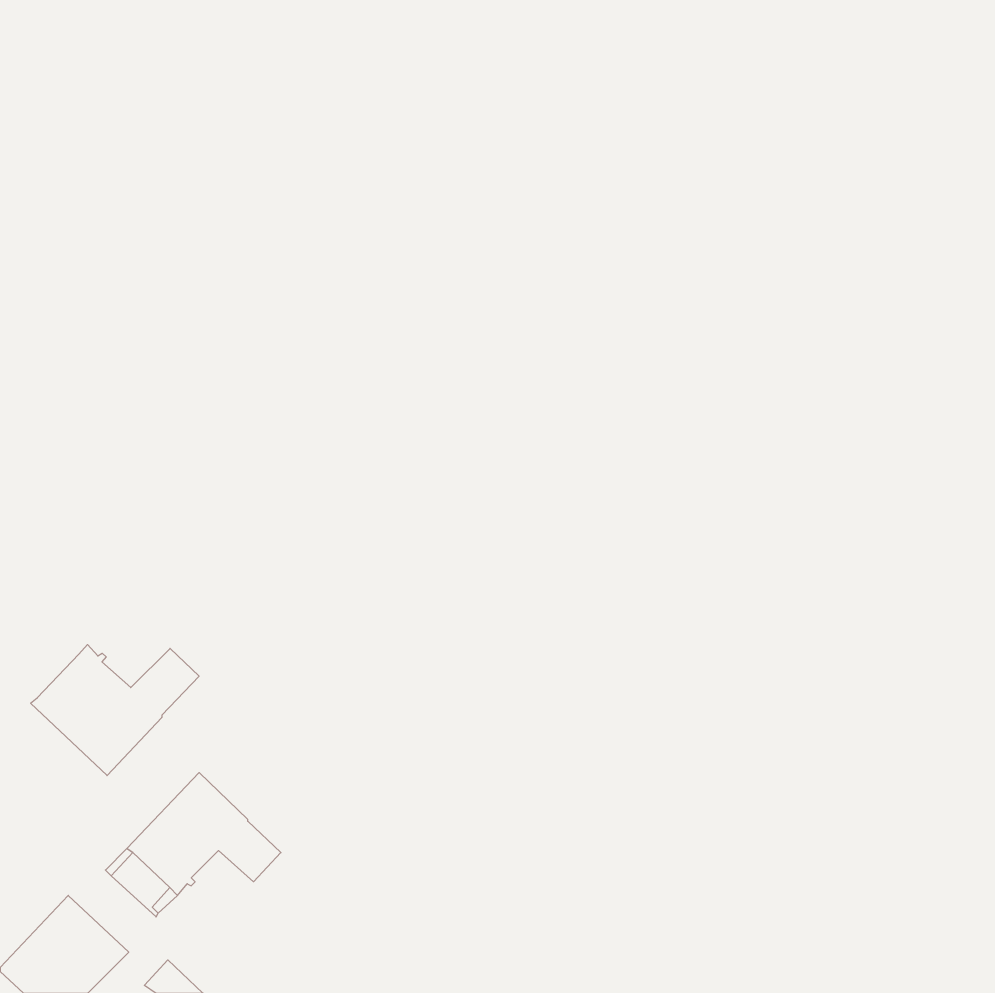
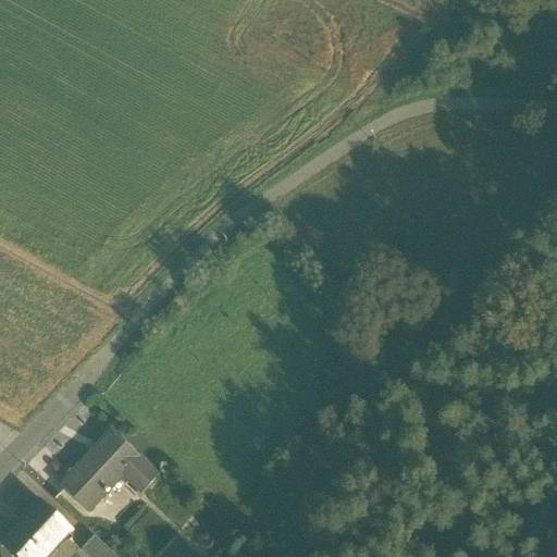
building: [31,645,199,776] -> none

